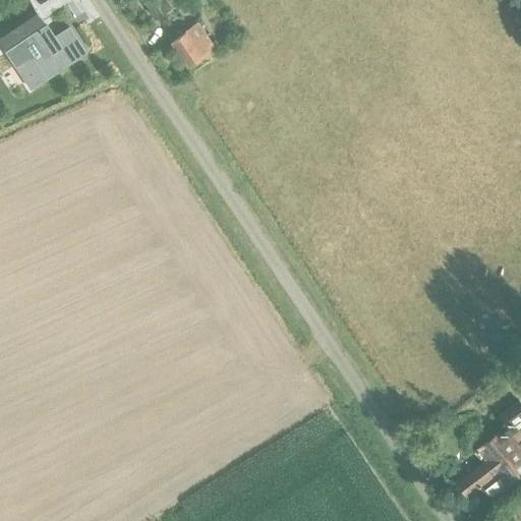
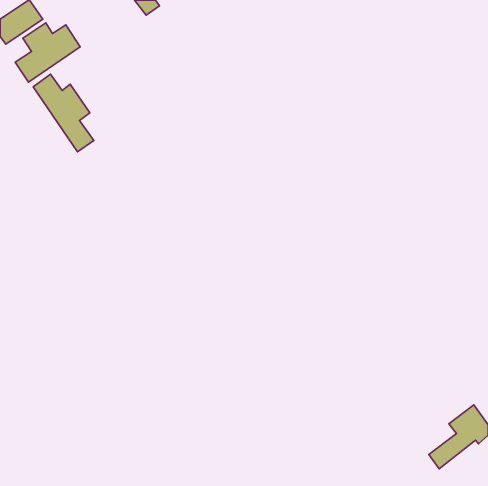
building: [173,23,220,68] -> none
building: none -> [33,74,94,152]

